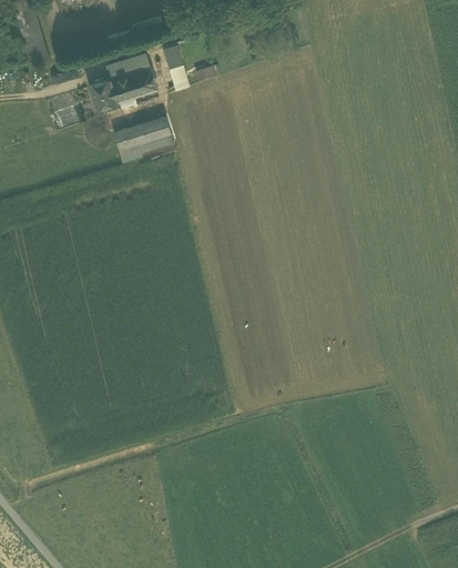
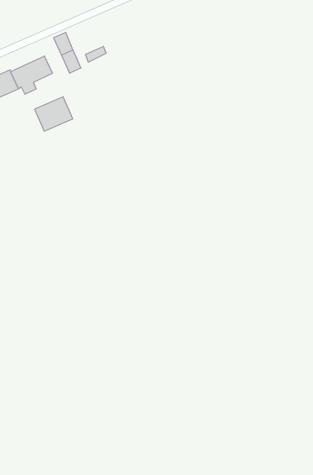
building: [105,54,150,82] -> none
building: [113,126,141,161] -> none

